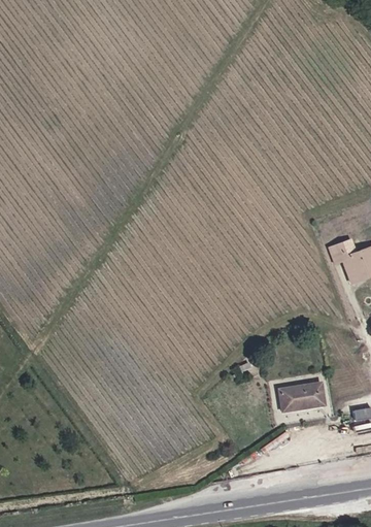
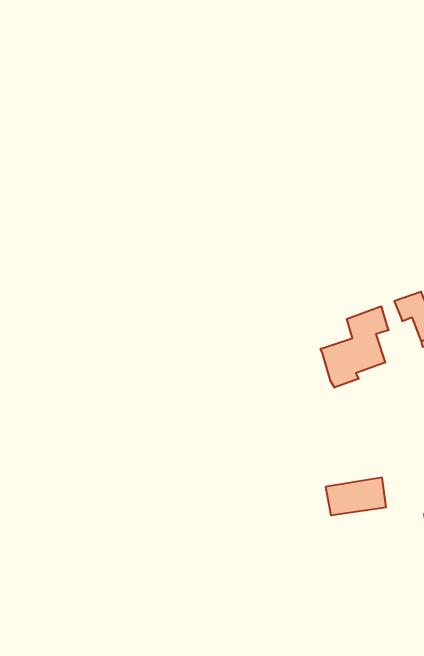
building: none -> [321,306,389,388]

